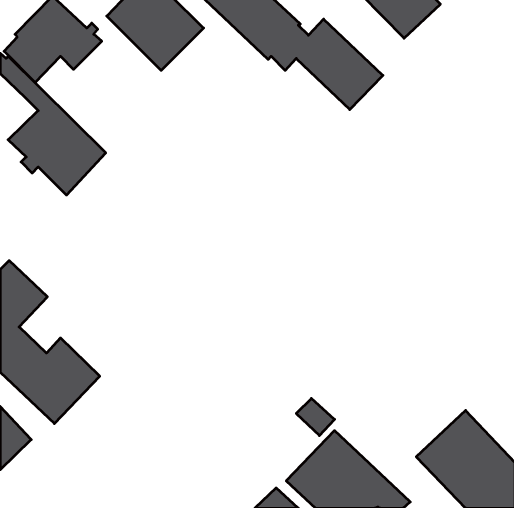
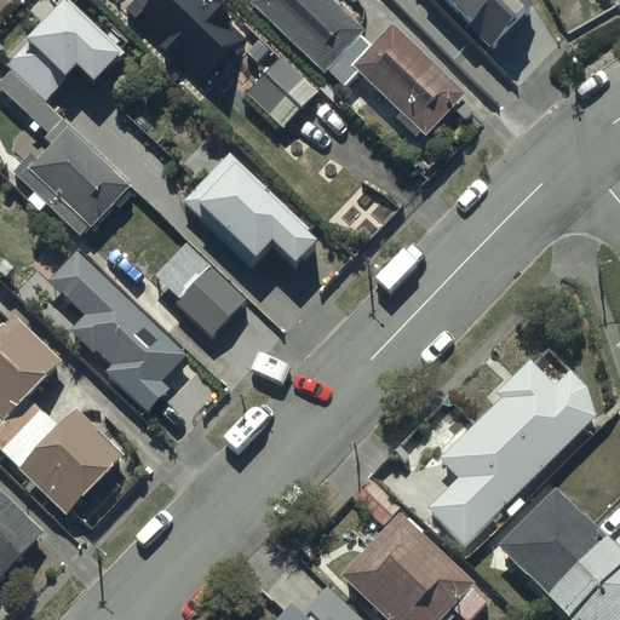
building: none -> [243,58,312,128]
building: none -> [182,148,320,266]
building: none -> [153,241,245,332]
building: none -> [47,249,185,411]
building: none -> [429,361,597,547]

